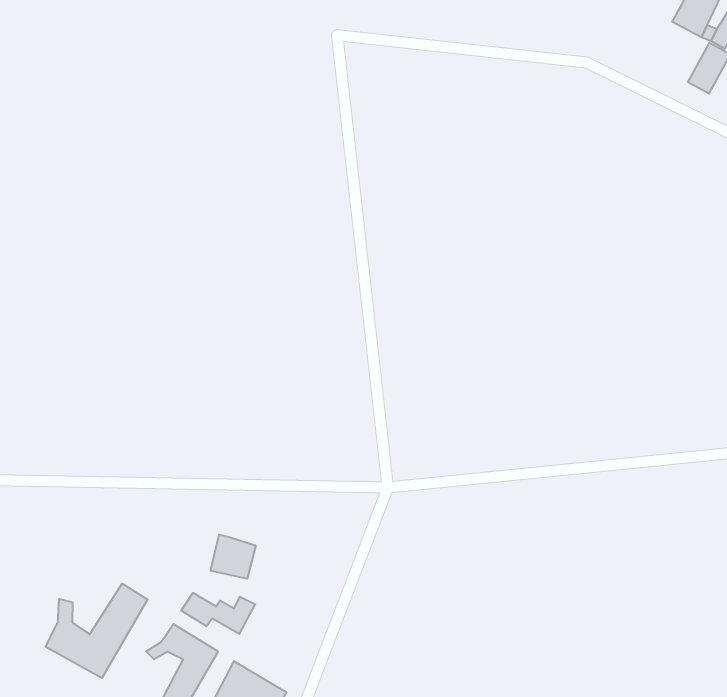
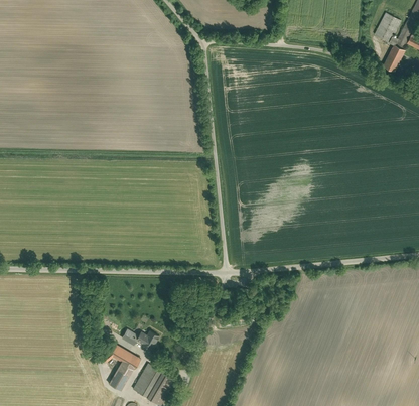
building: [211,534,256,579] -> none
building: [46,584,148,678] -> none

